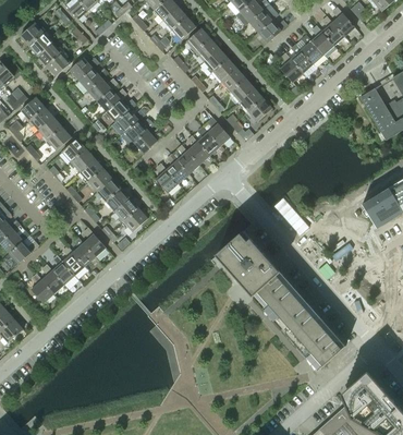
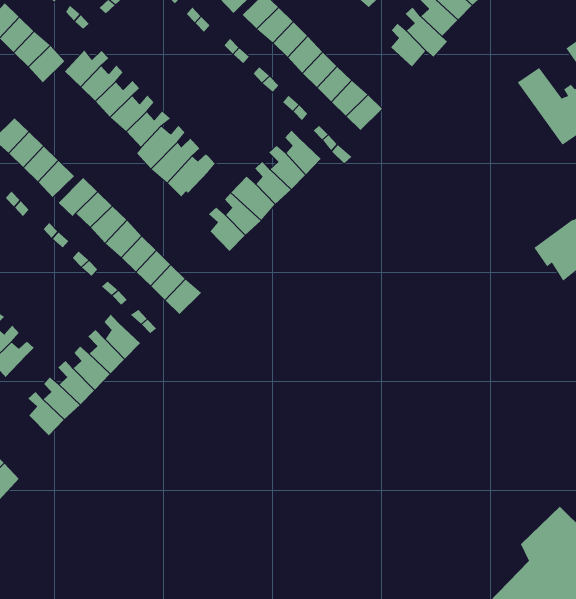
building: [216,230,344,371] -> none

